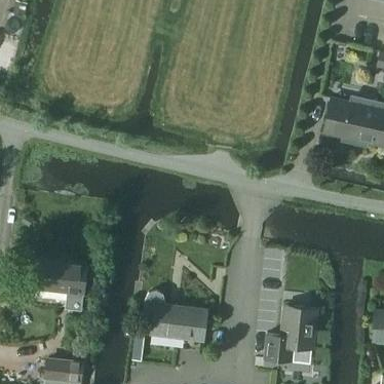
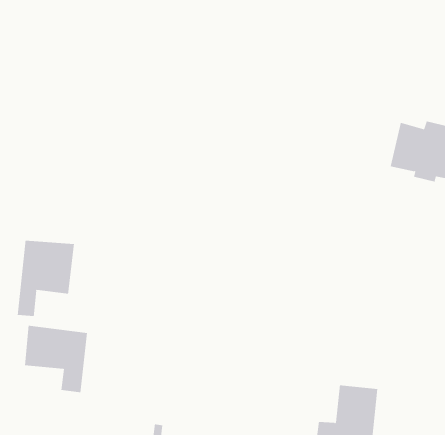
building: none -> [17,240,74,317]
building: [142,292,205,340] -> none

